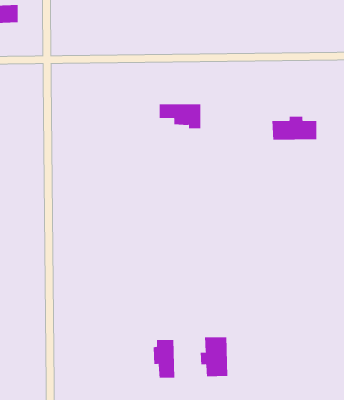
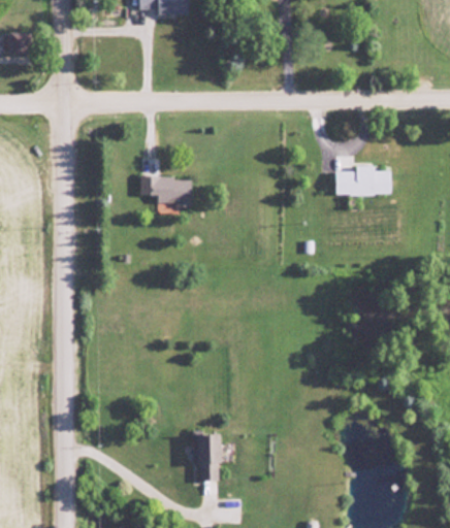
building: [159,104,201,129] -> [140,177,191,207]
building: [200,336,228,377] -> none

